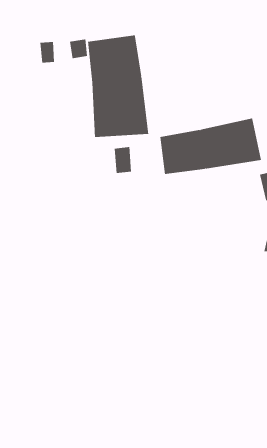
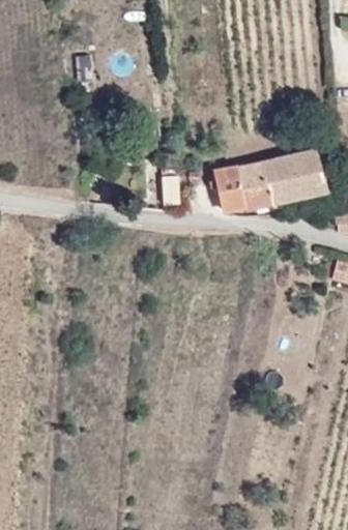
building: [88,35,149,138] -> none

